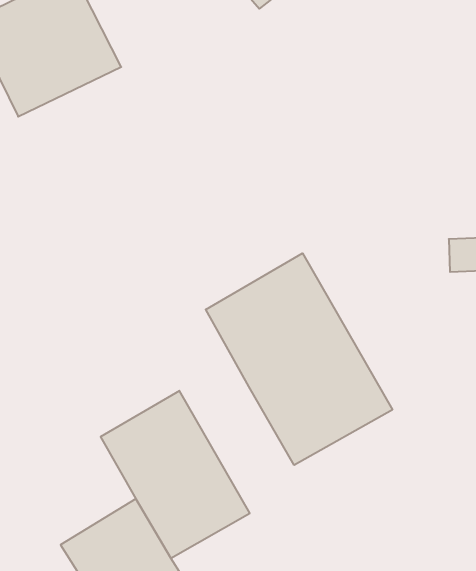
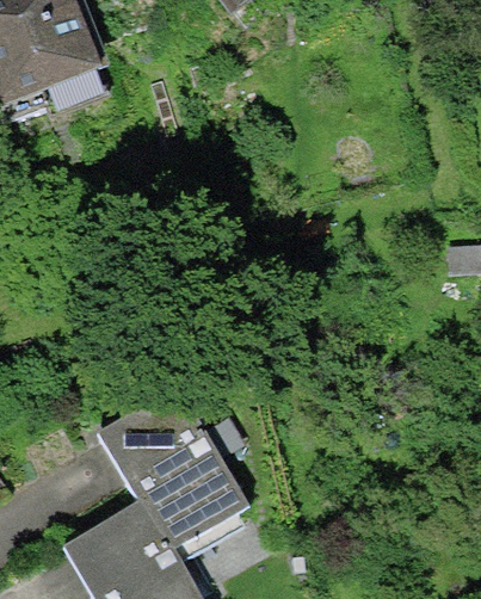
building: [206,253,392,465] -> none

